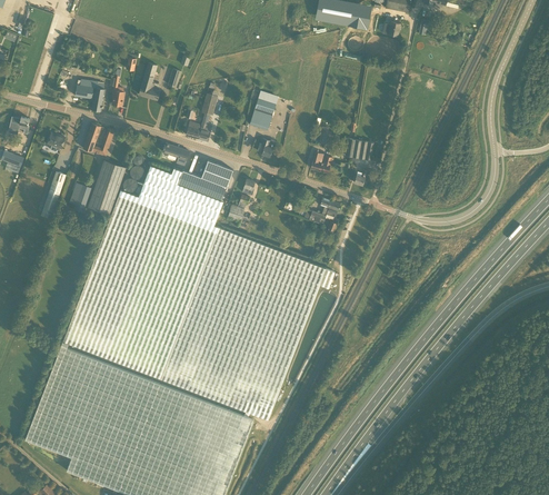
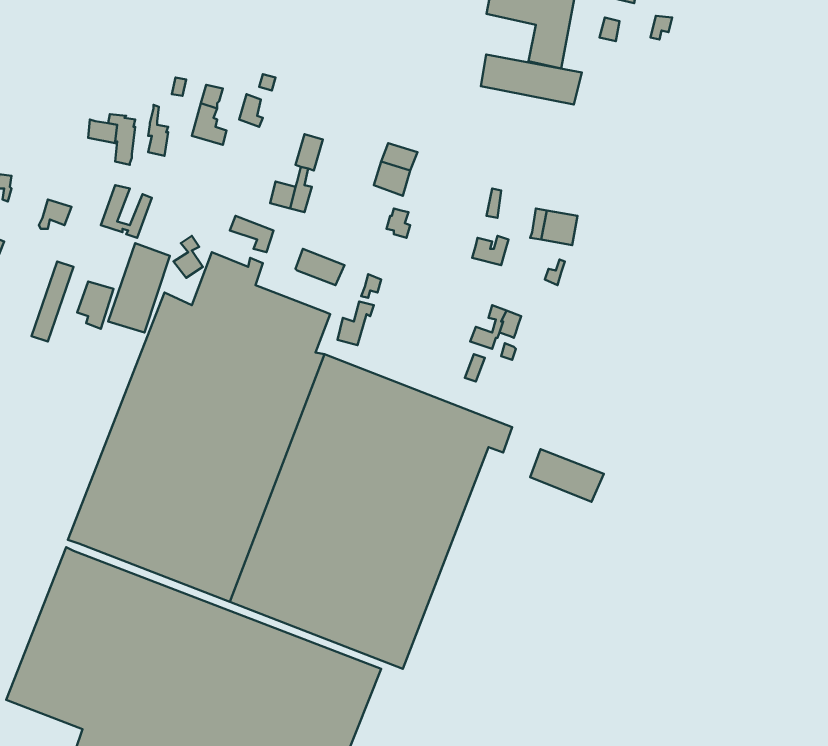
building: none -> [481,54,582,104]
building: [176,170,224,202] -> none
building: none -> [530,449,604,502]

